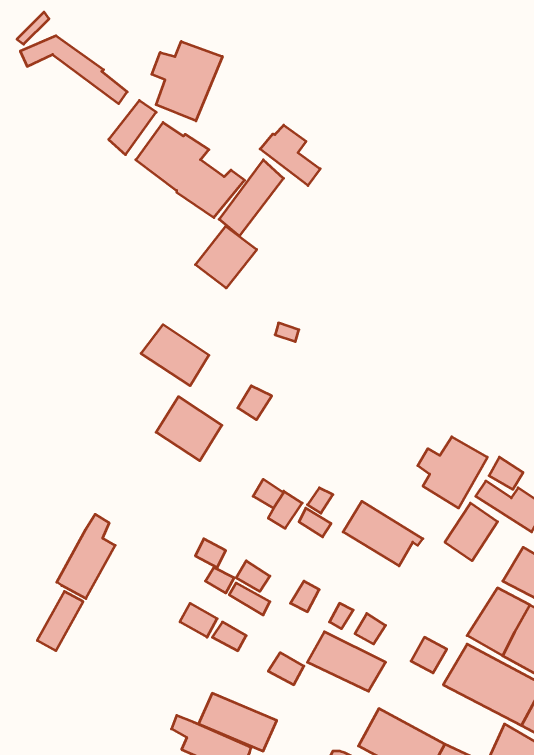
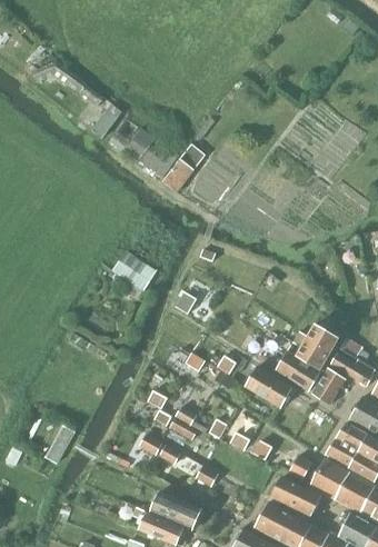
building: [152,41,222,121] -> none
building: [260,125,320,186] -> none
building: [195,226,257,288] -> none
building: [156,397,222,461] -> none
building: none -> [275,350,319,390]
building: [57,514,115,599] -> none
building: [307,632,386,691] -> [270,476,321,515]

